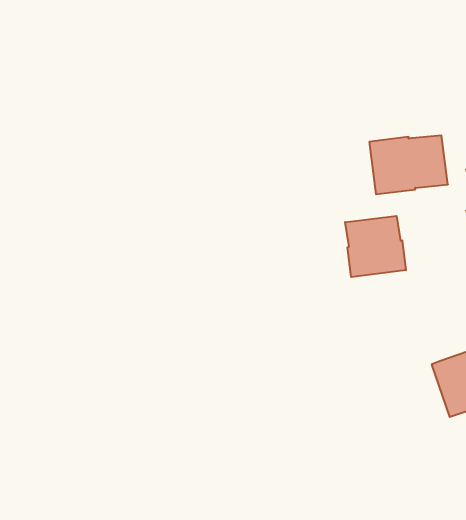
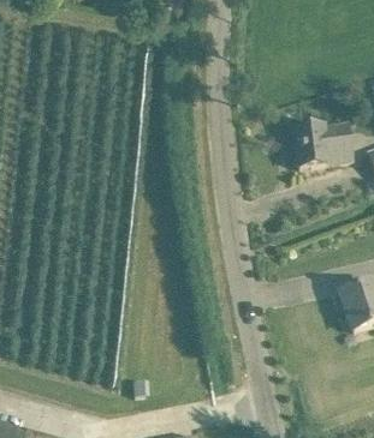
building: [345,216,406,277] -> none

